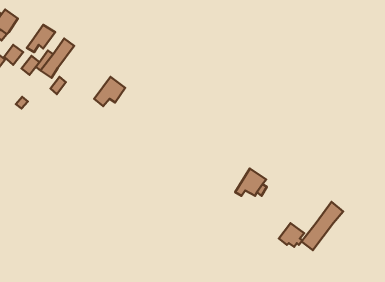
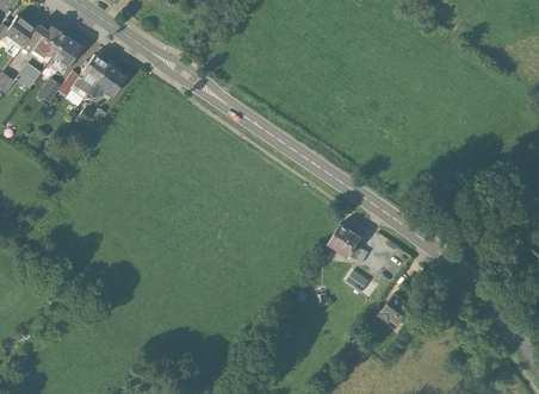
building: none -> [23,24,68,60]
building: [94,77,125,106] -> [87,64,128,102]
building: [302,202,343,250] -> none

